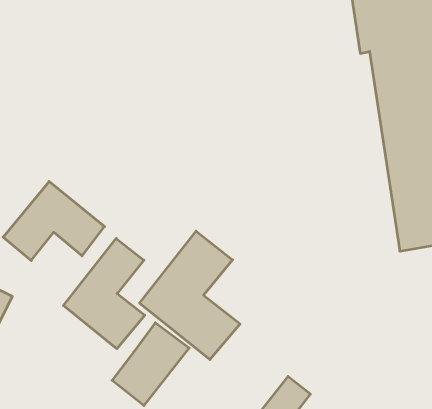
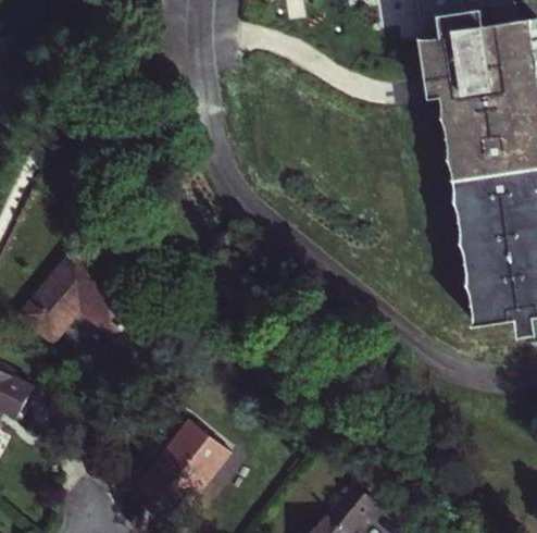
building: [140,231,240,360] -> none
building: [63,238,145,349] -> none

